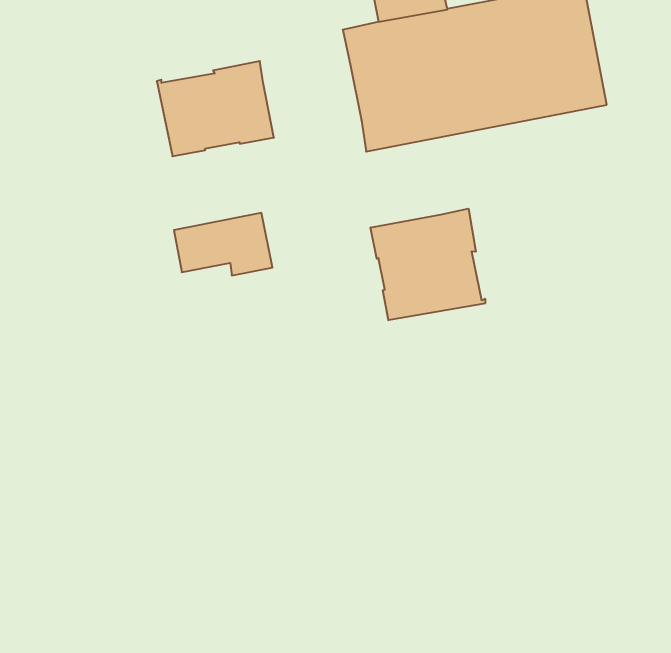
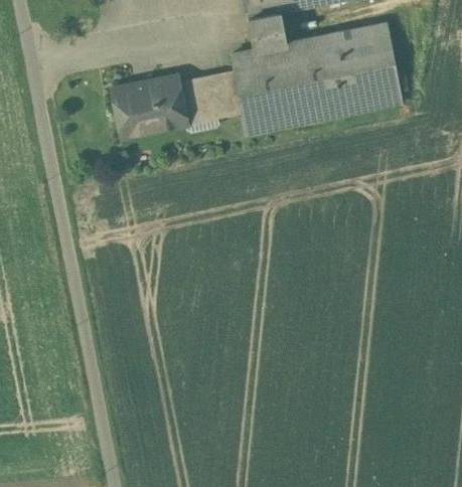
building: [371,209,485,320] -> none
building: [174,213,272,275] -> [180,77,244,118]

